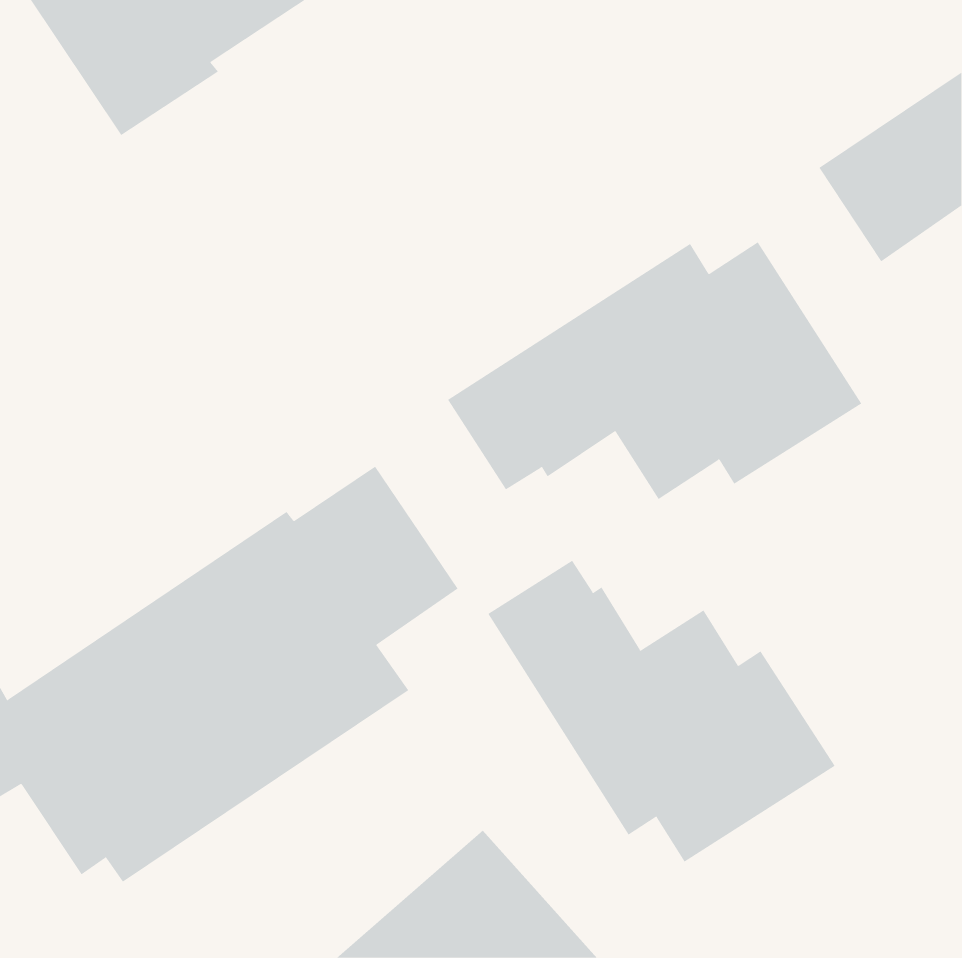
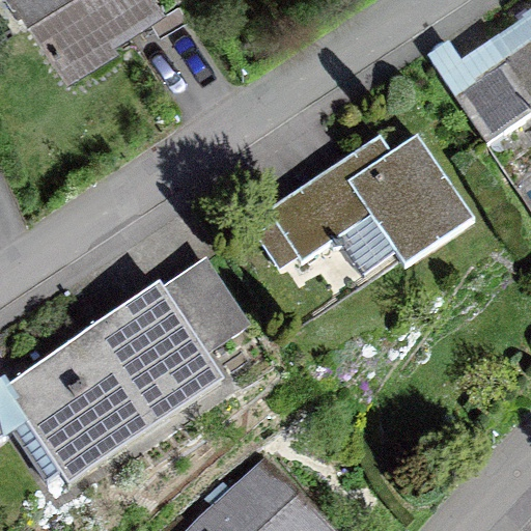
building: [487,560,835,863] -> none

